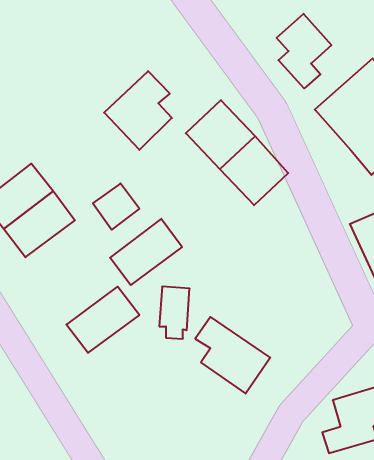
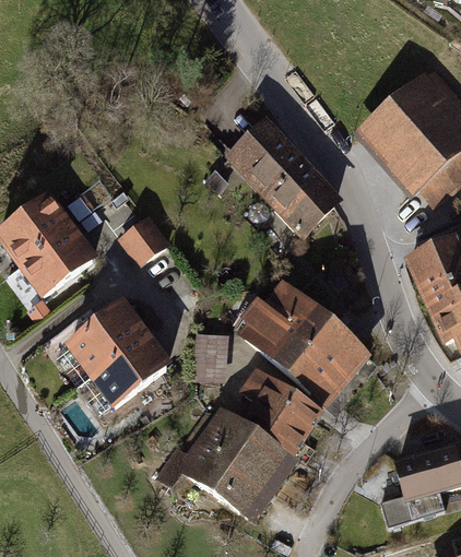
building: [277,14,331,88] -> none
building: [104,71,172,150] -> none
building: [110,219,182,285] -> [61,299,144,376]
building: none -> [233,278,368,407]
building: none -> [154,403,297,523]

